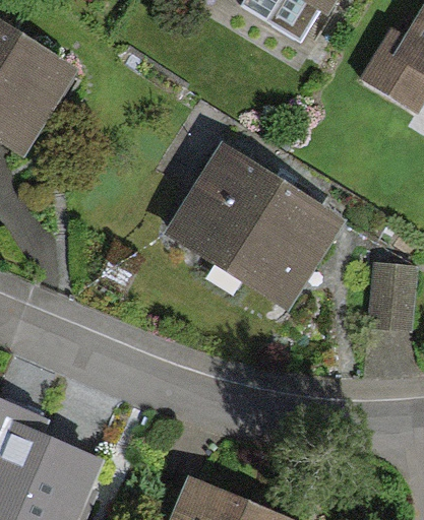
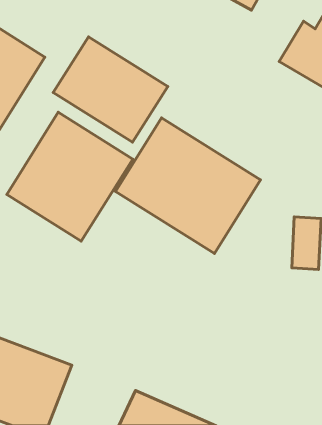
building: none -> [53,37,168,142]
building: none -> [7,112,133,241]

